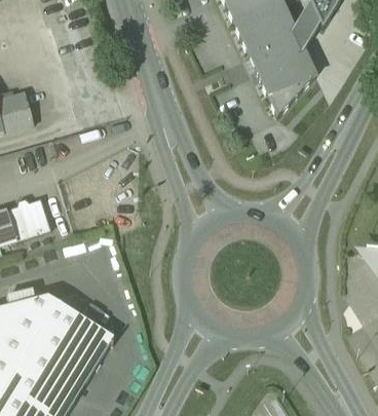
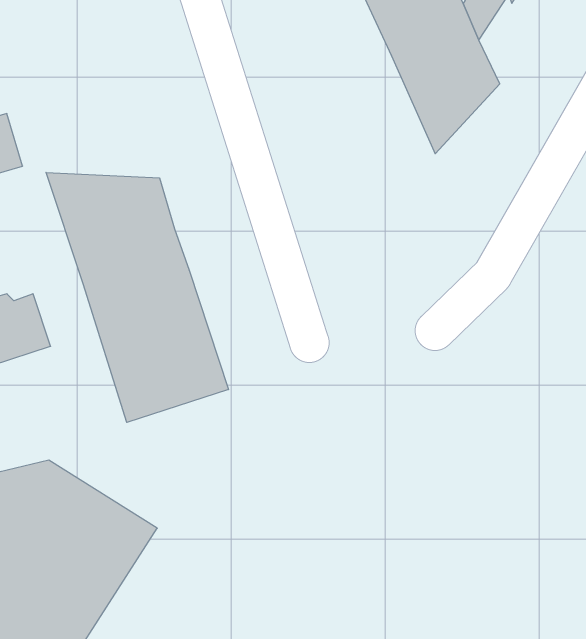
building: none -> [46,172,228,422]

